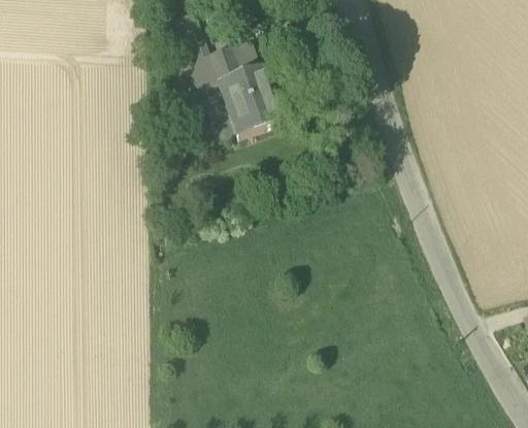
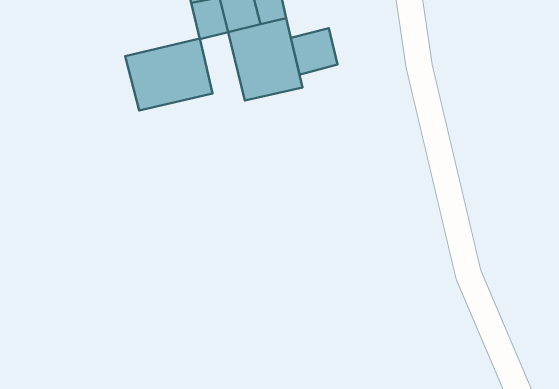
building: none -> [291,28,338,74]
building: none -> [125,38,213,111]

